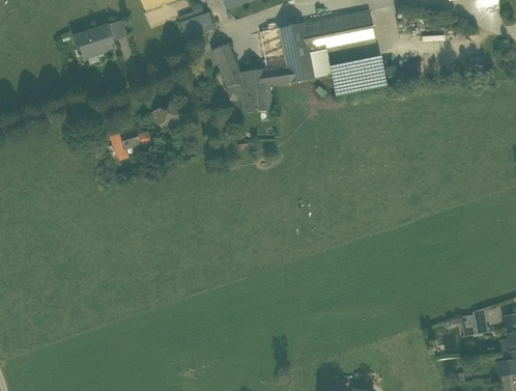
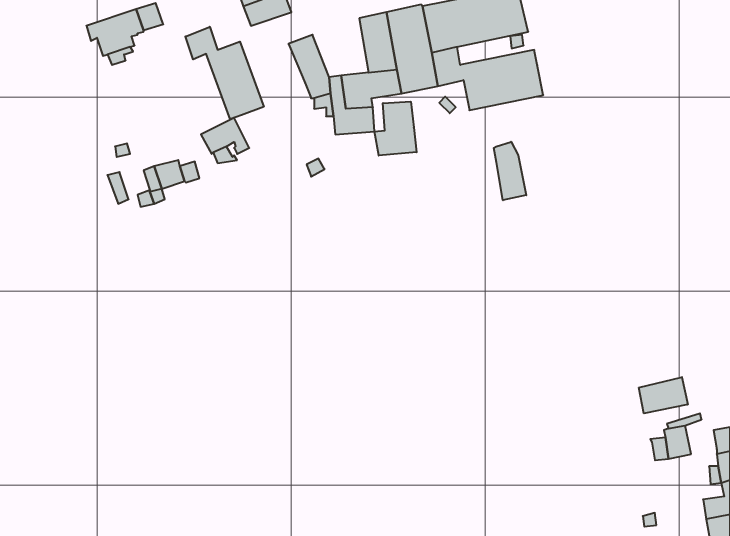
building: none -> [185,27,264,119]
building: none -> [374,102,417,156]
building: none -> [494,142,526,200]
building: none -> [639,377,688,413]

